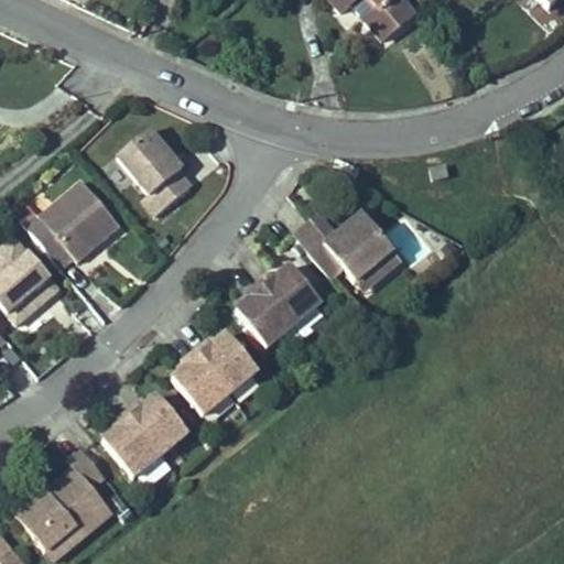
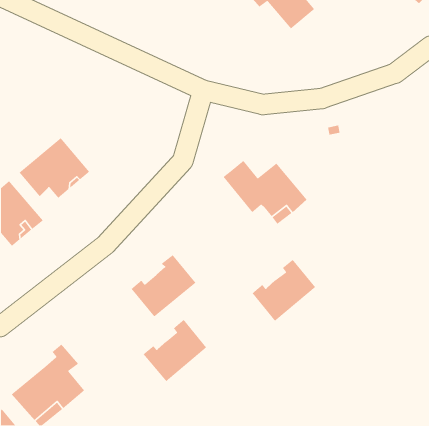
building: [118,128,192,214] -> none
building: [236,263,321,346] -> [251,259,316,322]
building: [104,393,188,476] -> [142,319,207,382]

